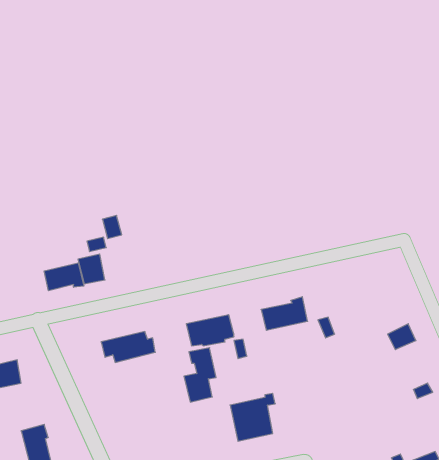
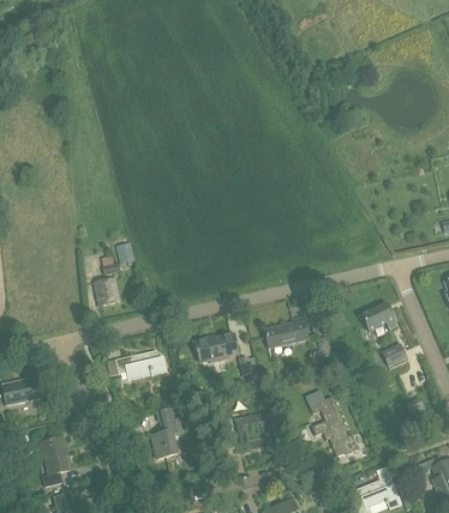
building: [44,263,84,291] -> none
building: none -> [360,302,397,332]
building: [184,348,216,402] -> [151,408,181,458]
building: none -> [309,398,357,457]

